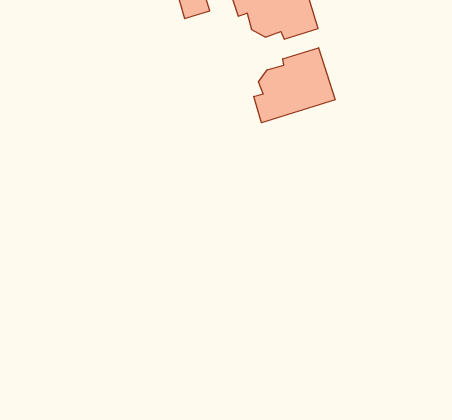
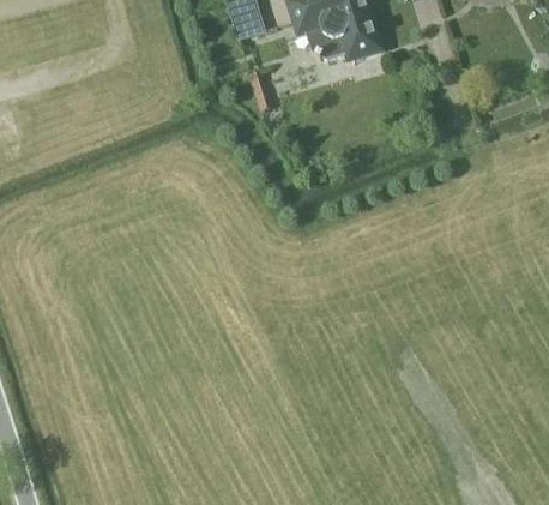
building: [254,48,335,123] -> none

